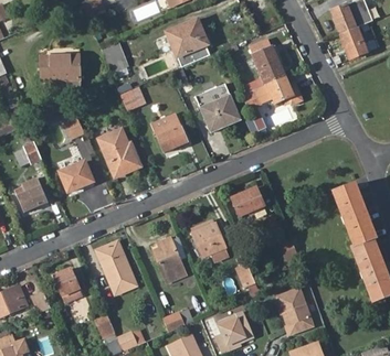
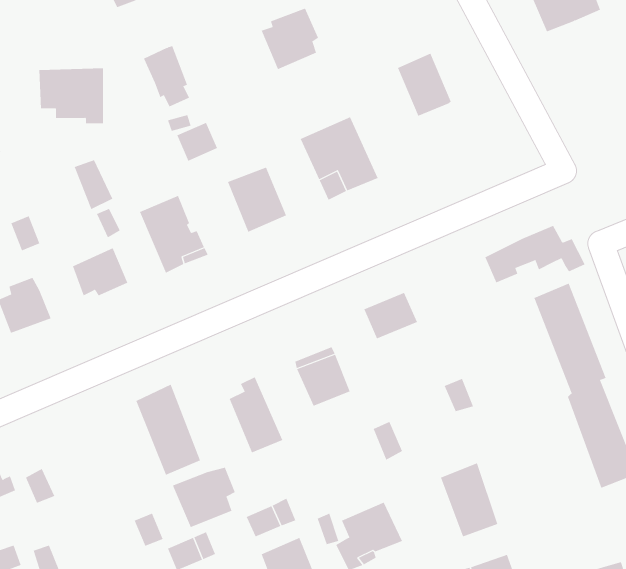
building: [340,28,368,58] -> none
building: [242,76,302,110] -> [484,225,585,283]
building: [54,269,78,303] -> none
building: none -> [172,467,236,528]

